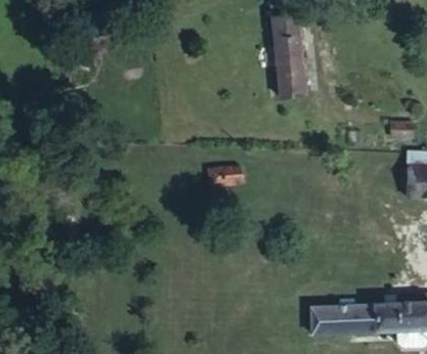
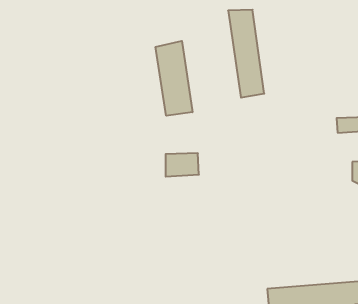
building: none -> [156,41,192,116]

